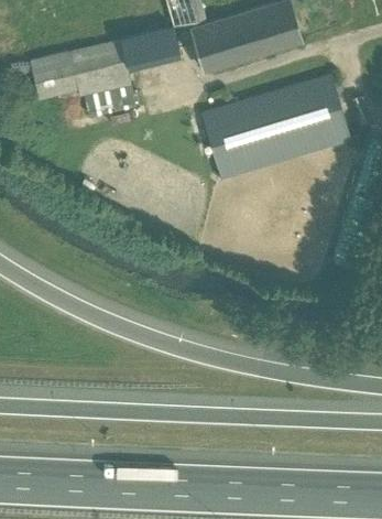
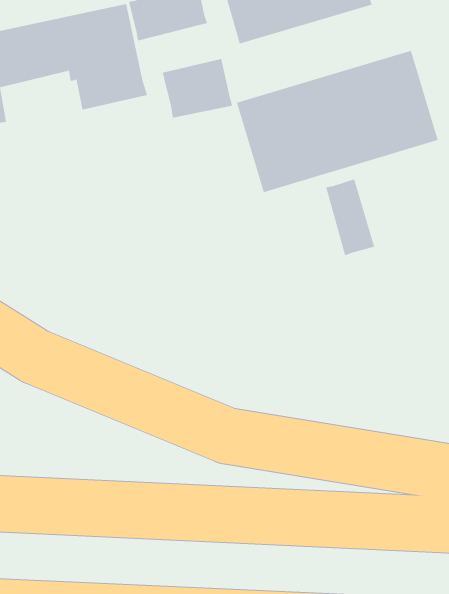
building: none -> [162,58,233,118]
building: none -> [325,178,375,256]

